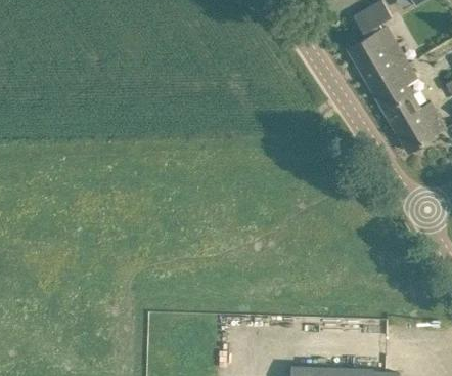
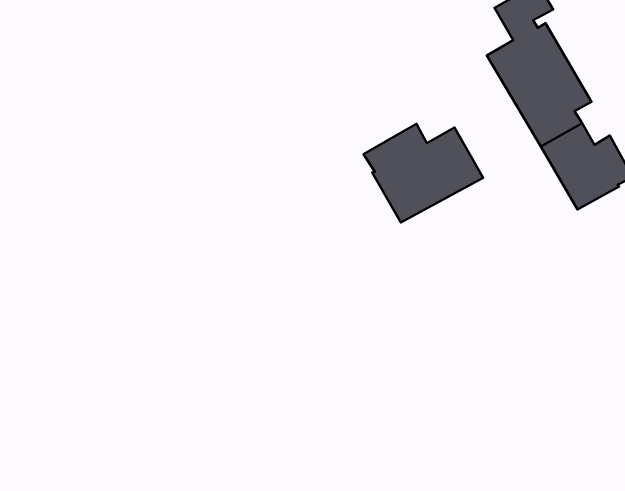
building: none -> [364,124,483,223]

